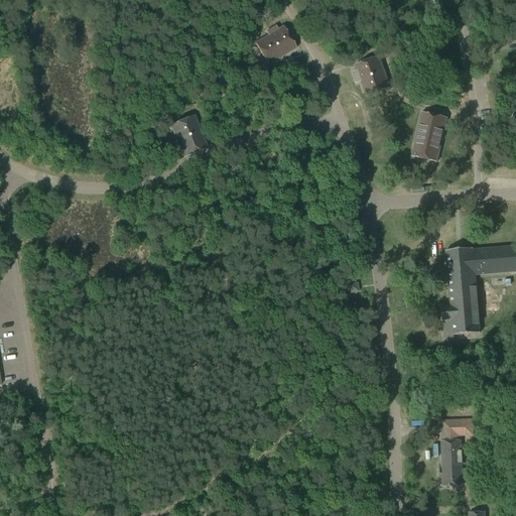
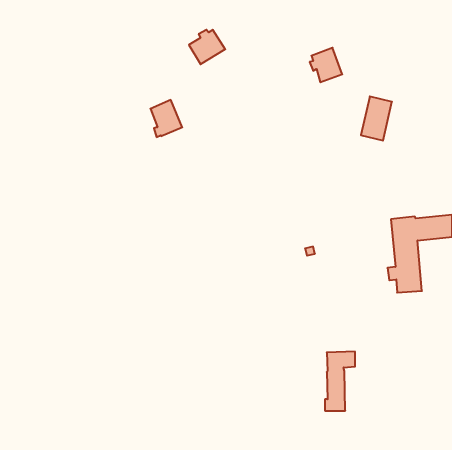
building: [255,23,296,62] -> [189,30,225,64]
building: [439,417,474,485] -> [325,352,355,411]

